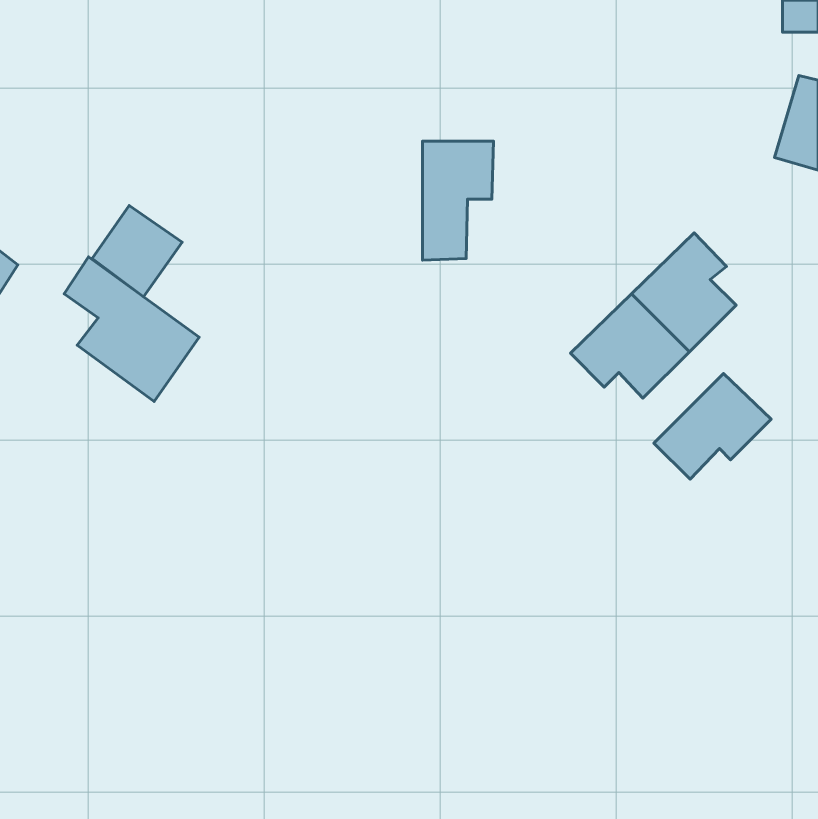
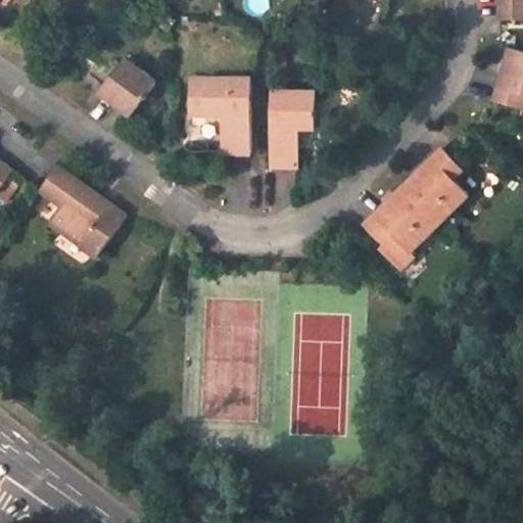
building: none -> [186,78,248,153]
building: [92,205,182,297] -> [98,57,155,115]
building: [654,374,771,479] -> none

